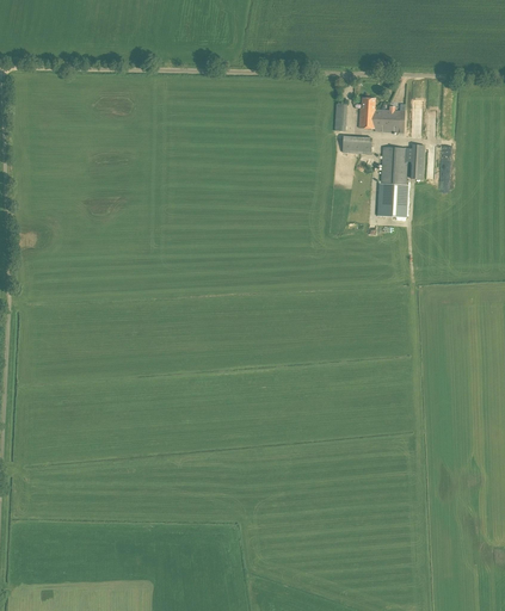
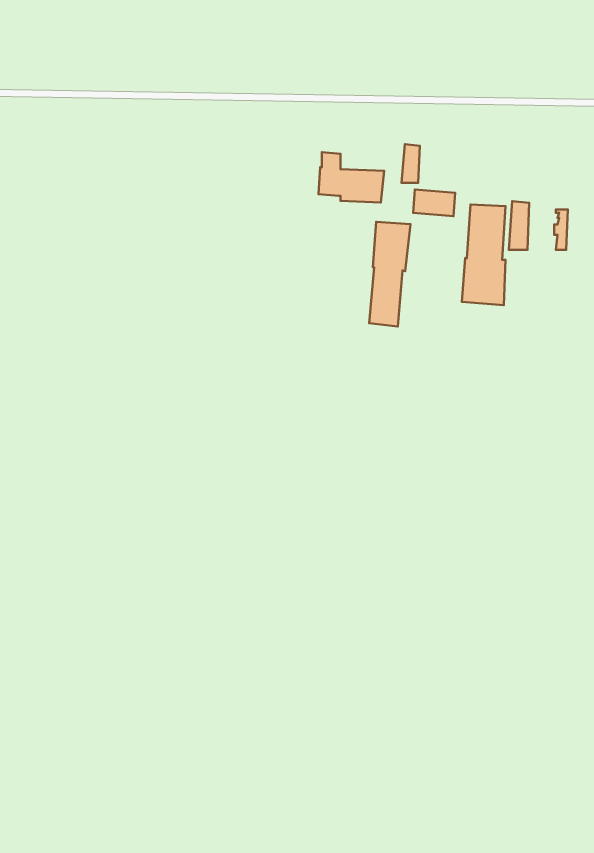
building: [359,97,406,132] -> [319,152,384,203]
building: none -> [369,222,410,326]

